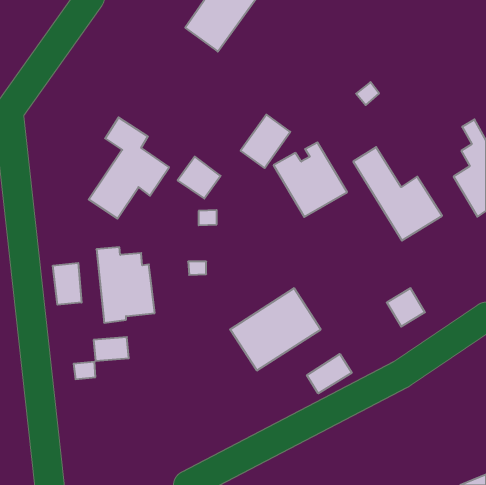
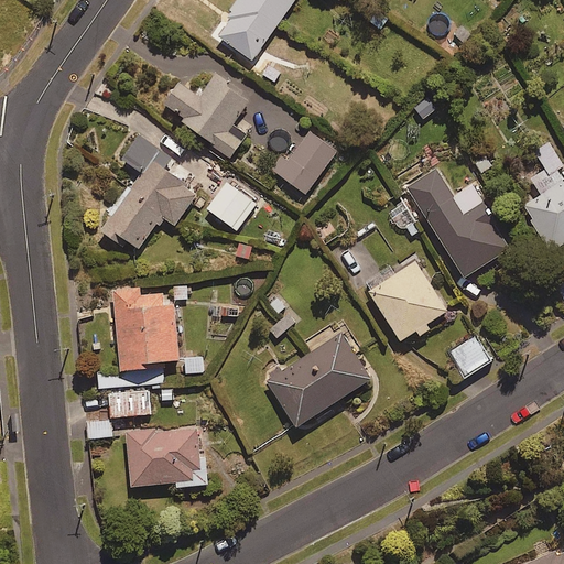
building: none -> [164,75,248,156]
building: [274,142,347,217] -> [362,254,447,340]
building: [53,263,82,305] -> none
building: [307,354,352,393] -> none
building: none -> [126,427,206,487]

